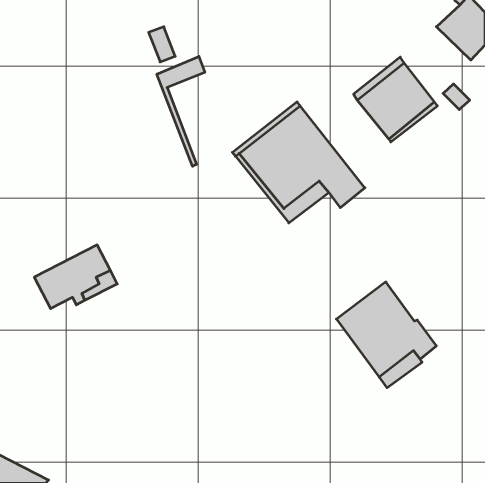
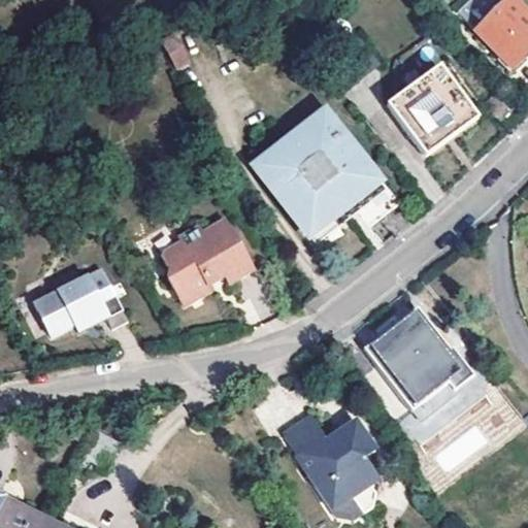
building: [157,56,205,166] -> none
building: none -> [163,217,254,303]
building: none -> [282,415,378,515]

